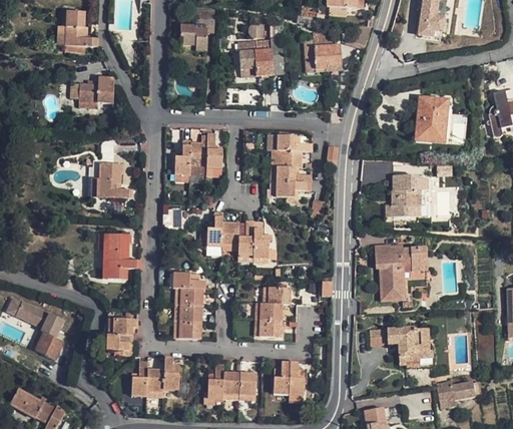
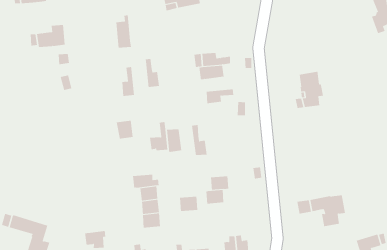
building: [415,102,447,143] -> none
building: [189,135,207,175] -> [115,15,132,48]
building: [98,163,132,197] -> none
building: [277,166,312,182] -> none
building: [238,221,253,255] -> none
building: [102,233,140,279] -> none
building: [375,245,426,301] -> none
building: [113,318,138,335] -> none
building: [259,319,282,337] -> [179,196,198,212]

